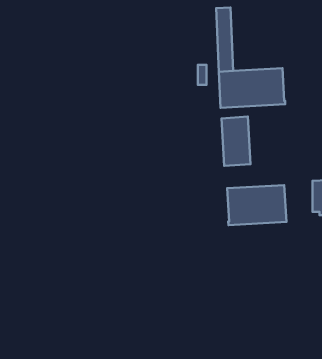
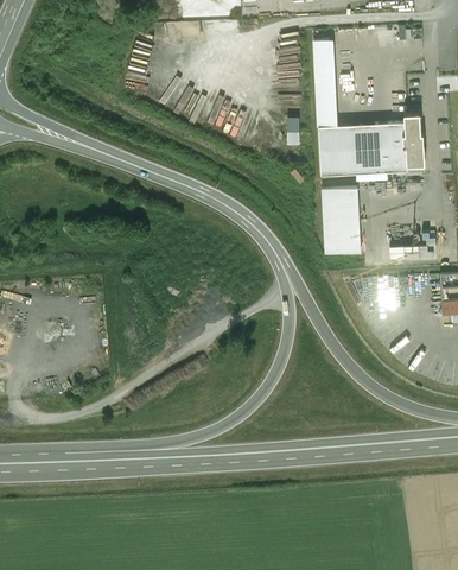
building: none -> [402,114,424,166]
building: [227,185,286,225] -> none

